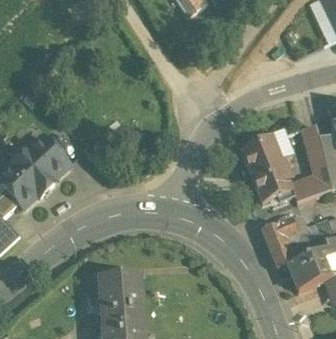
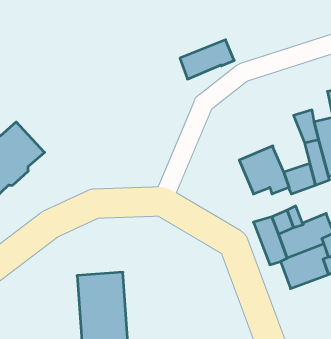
building: [241,135,291,172] -> [180,40,234,79]

